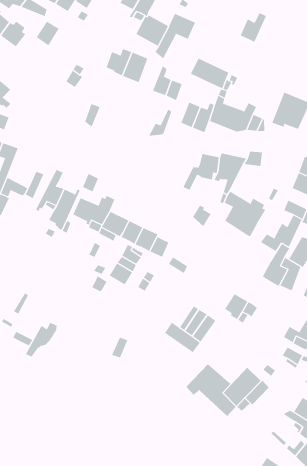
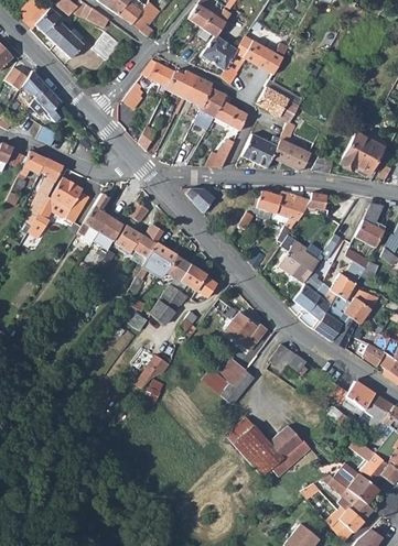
building: [240,12,267,42] -> [258,42,289,74]
building: none -> [141,58,174,92]
building: none -> [193,86,226,129]
building: none -> [181,186,215,211]
building: none -> [52,176,83,209]
building: none -> [293,271,332,319]
building: none -> [225,313,267,349]
building: [25,322,57,358] -> [136,351,173,387]

